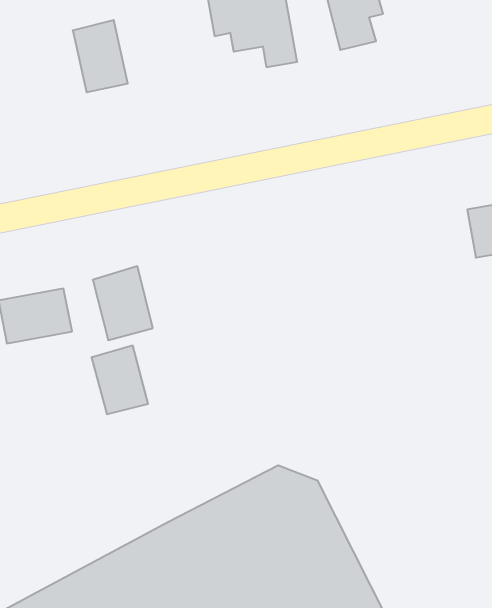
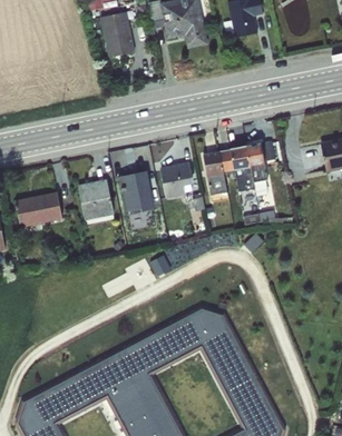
building: [73,20,128,92] -> [101,10,137,57]
building: none -> [204,140,279,195]
building: none -> [160,162,193,197]
building: [91,346,148,414] -> [119,169,156,214]

